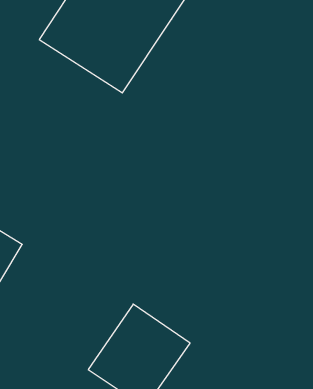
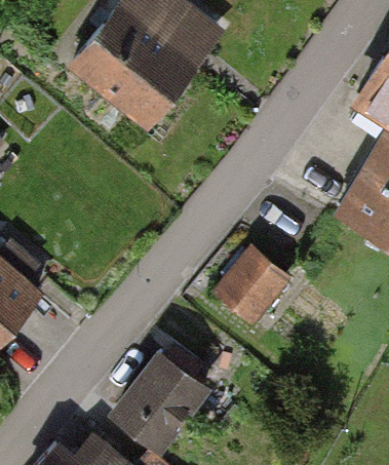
building: none -> [202,234,291,324]

